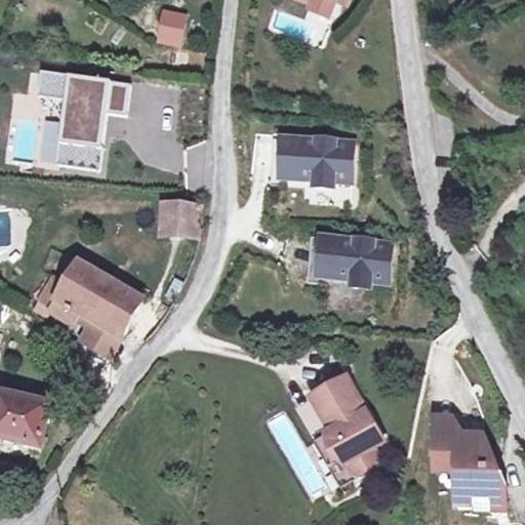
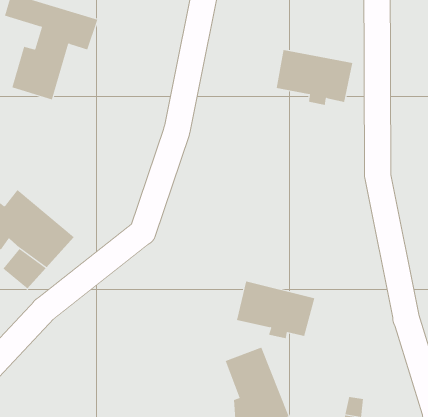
building: [277,136,349,185] -> [276,49,353,106]
building: [158,199,199,240] -> none
building: [314,234,388,284] -> [236,281,315,339]

